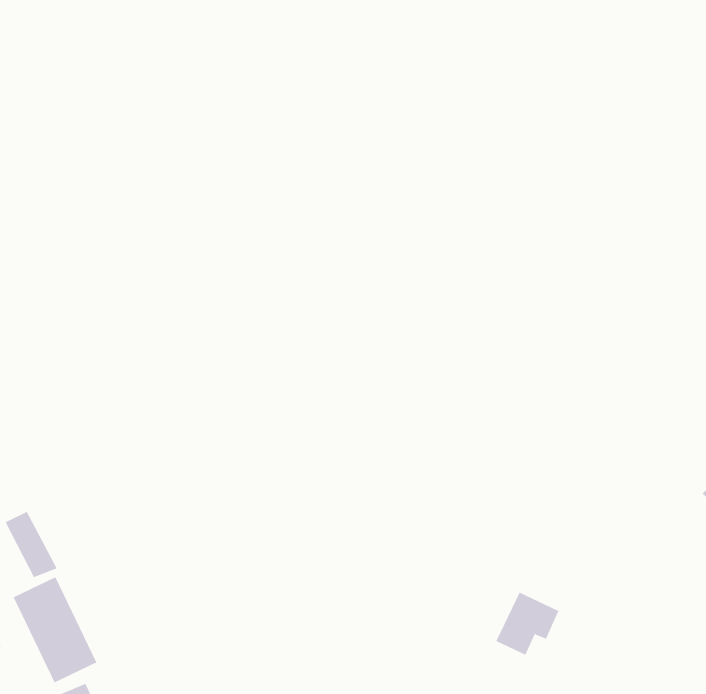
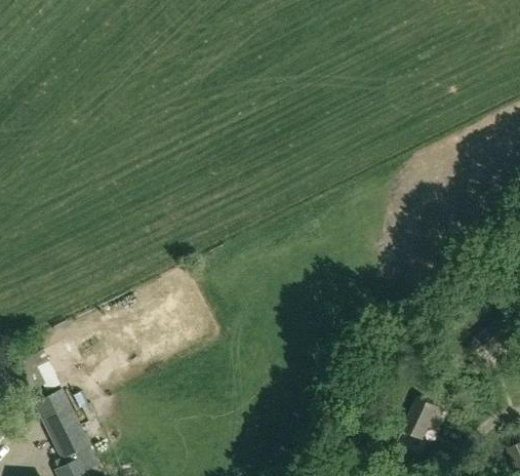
building: [495,592,559,655] -> [407,403,448,444]

